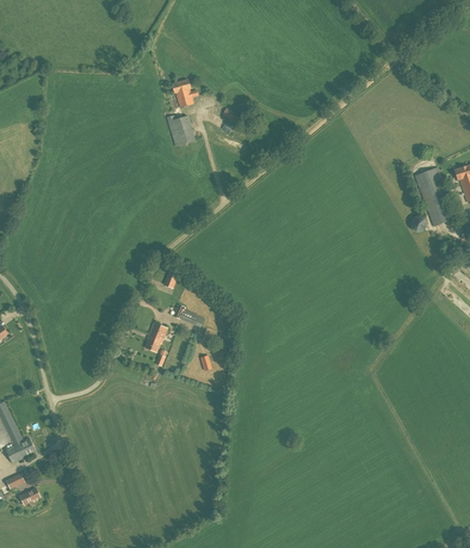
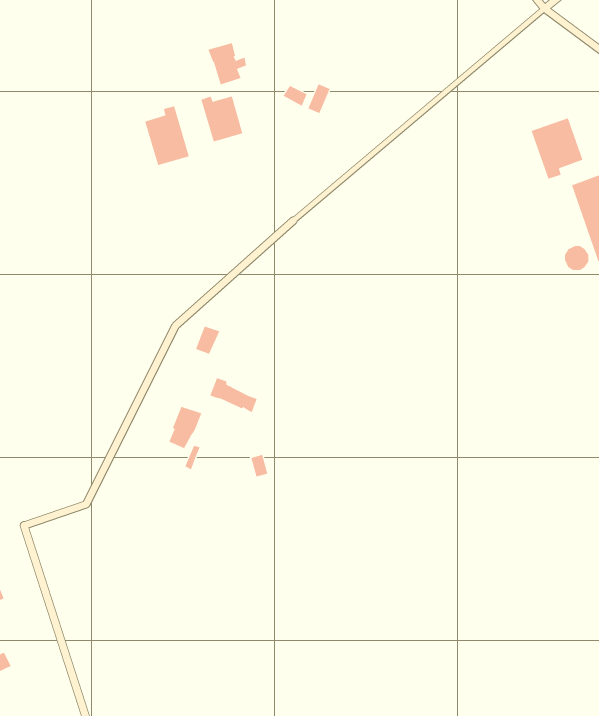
building: none -> [145,106,189,166]
building: none -> [531,118,583,179]

